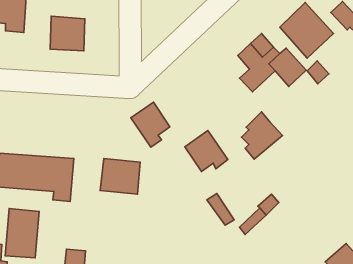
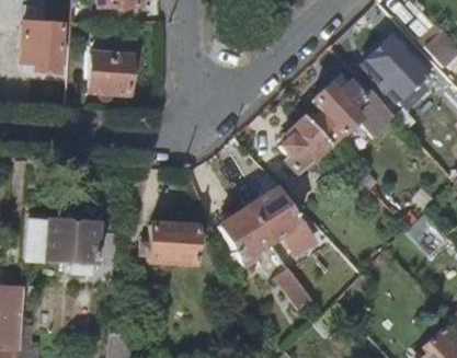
building: [131,102,170,147] -> [222,209,270,263]
building: [241,112,282,159] -> [282,115,331,172]
building: [5,208,39,258] -> none

